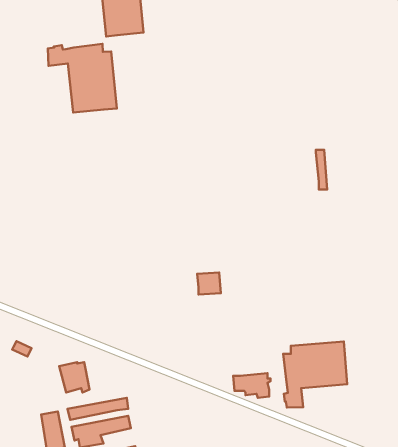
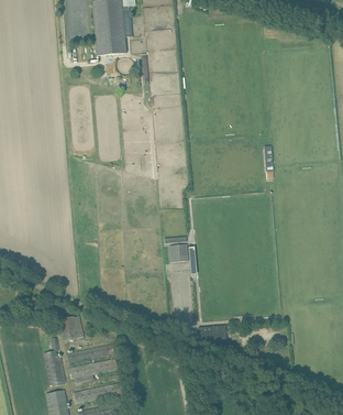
building: [48,44,117,112] -> none
building: [283,342,347,408] -> none

